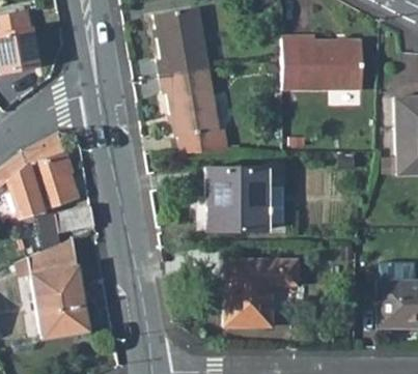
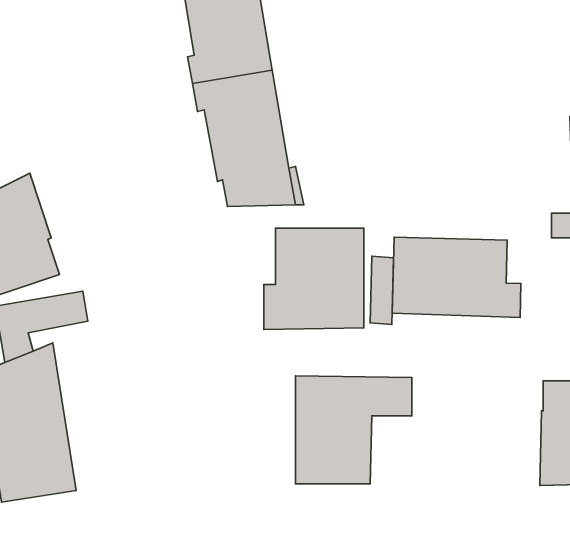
building: [282,36,362,90] -> none
building: none -> [392,237,521,318]

